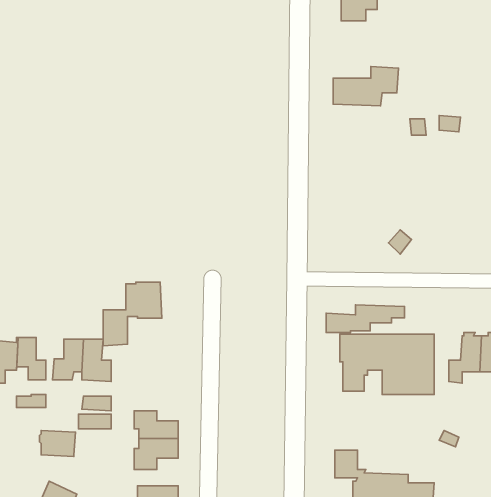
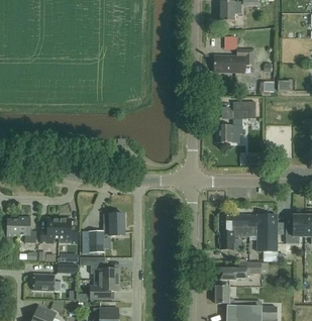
building: none -> [218,101,255,142]
building: [103,282,162,346] -> [89,213,125,252]
building: [326,305,404,333] -> [220,262,269,280]

